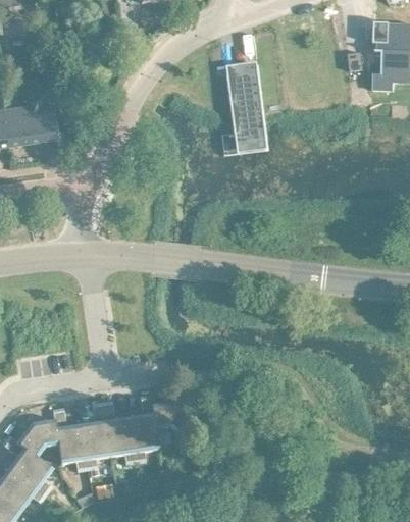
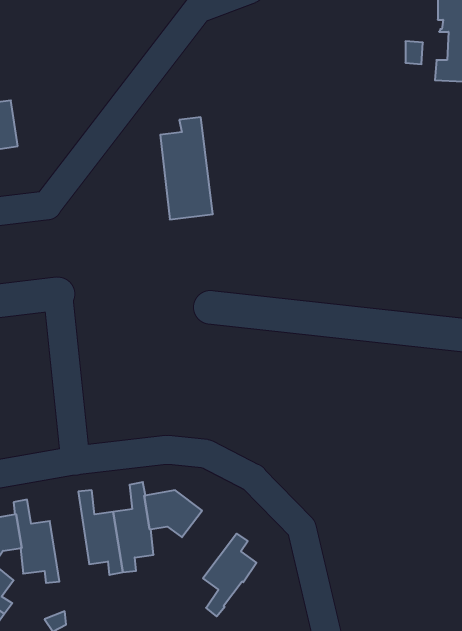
building: [226,64,266,142] -> [160,117,213,219]
building: [80,402,109,470] -> none
building: none -> [203,534,256,616]

